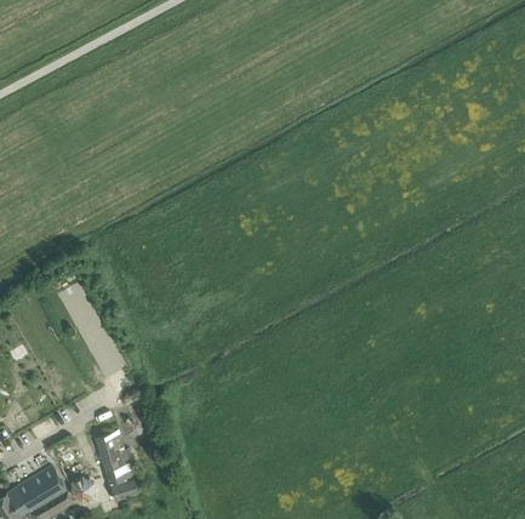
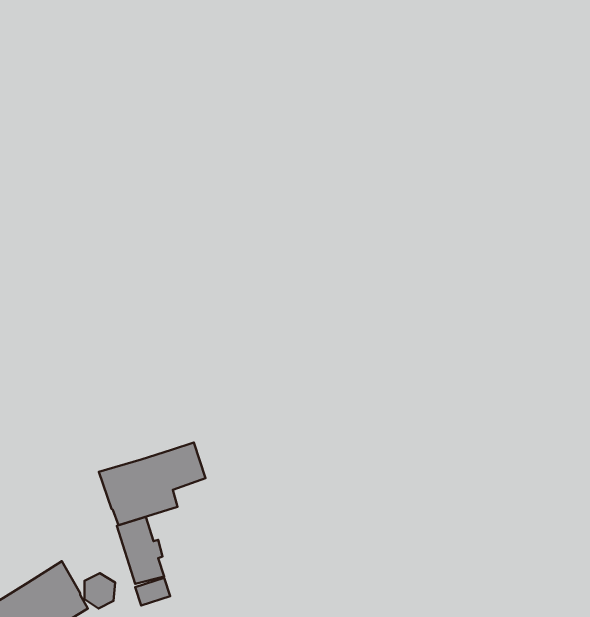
building: none -> [99,442,206,525]

